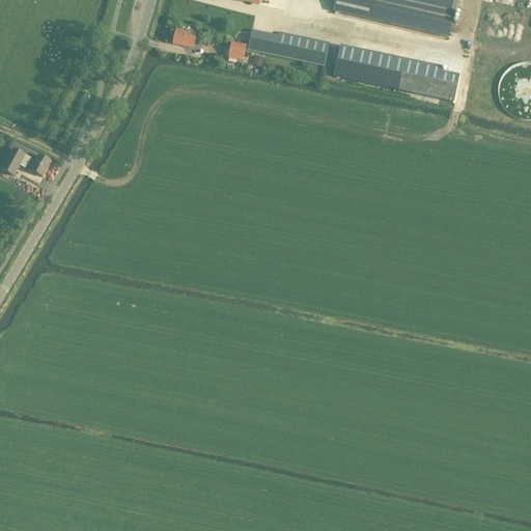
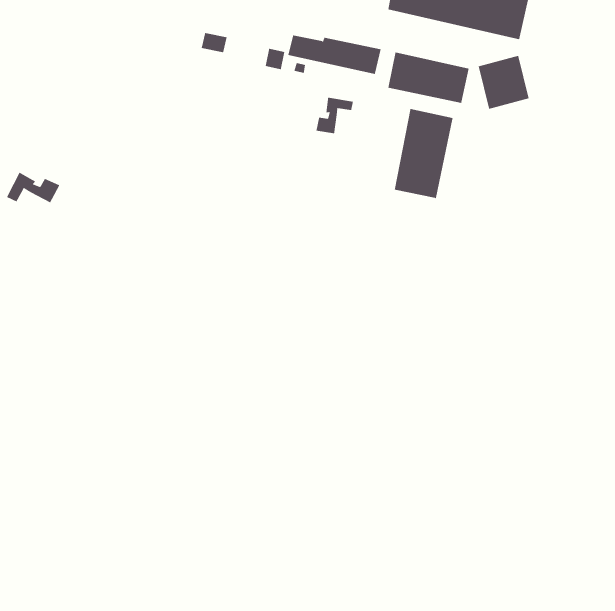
building: none -> [316,97,354,134]
building: none -> [394,108,453,199]

